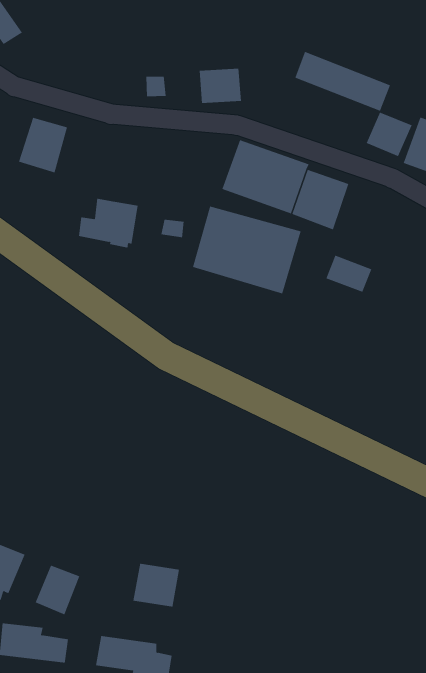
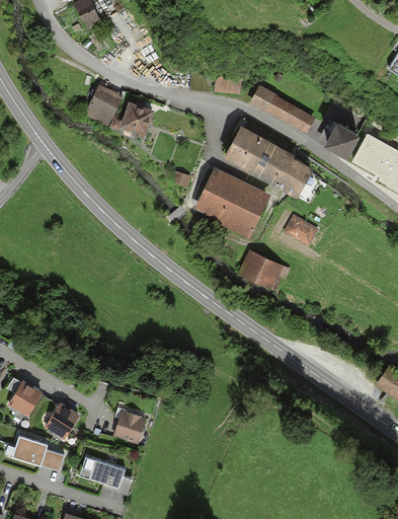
building: [294,51,391,112] -> [253,88,319,139]
building: [78,198,139,248] -> [111,103,157,142]
building: none -> [236,251,282,292]

